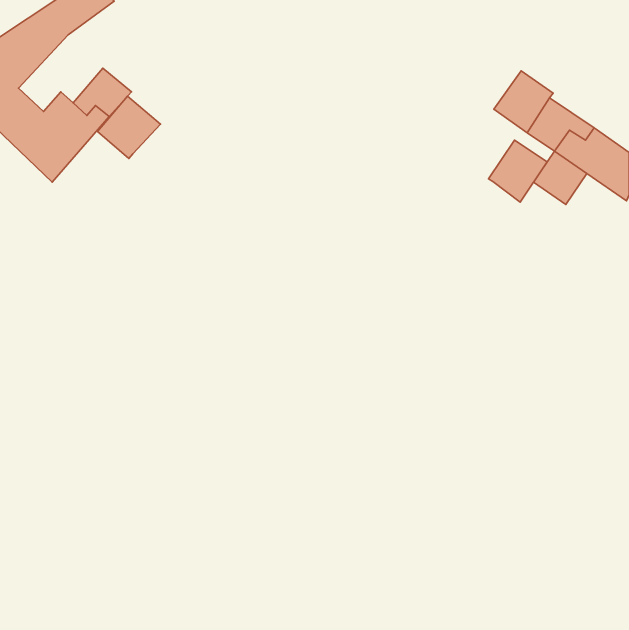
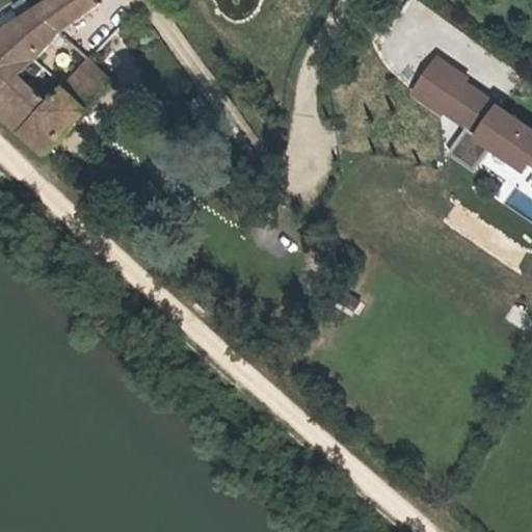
building: [98,96,161,159] -> none
building: [488,140,547,202] -> none

